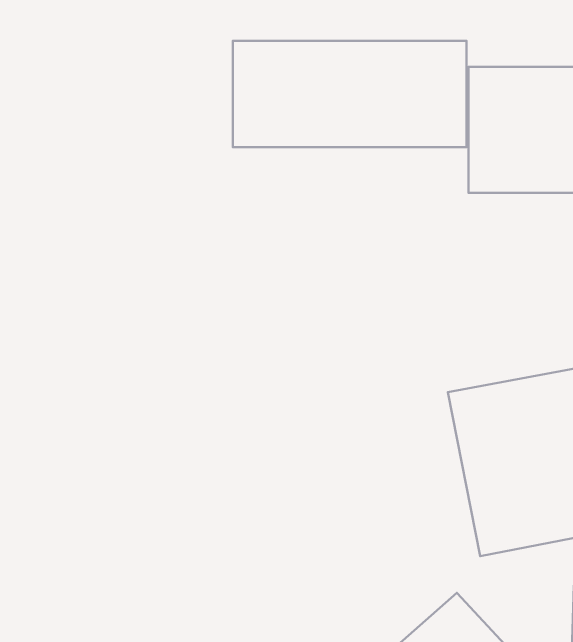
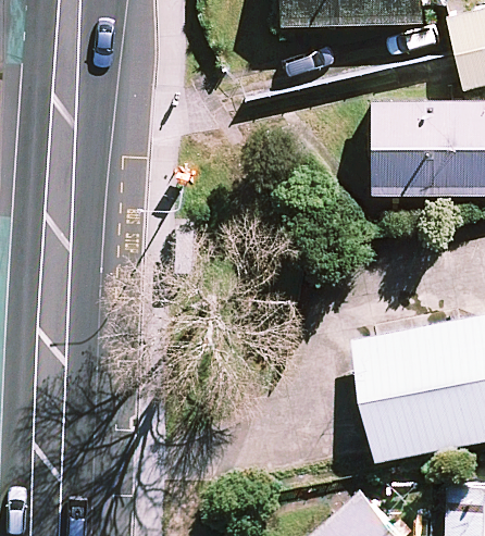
building: [233,41,466,147] -> none

